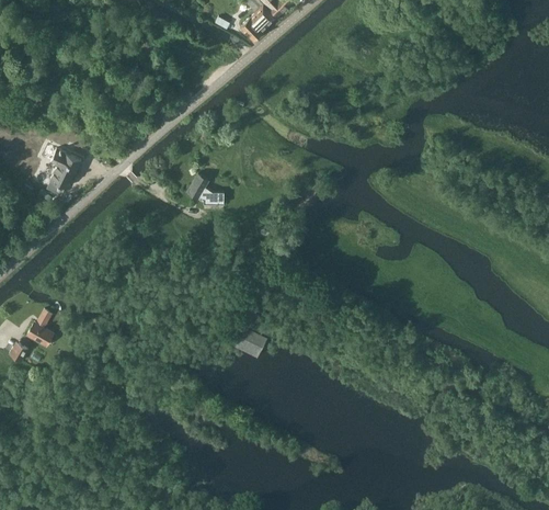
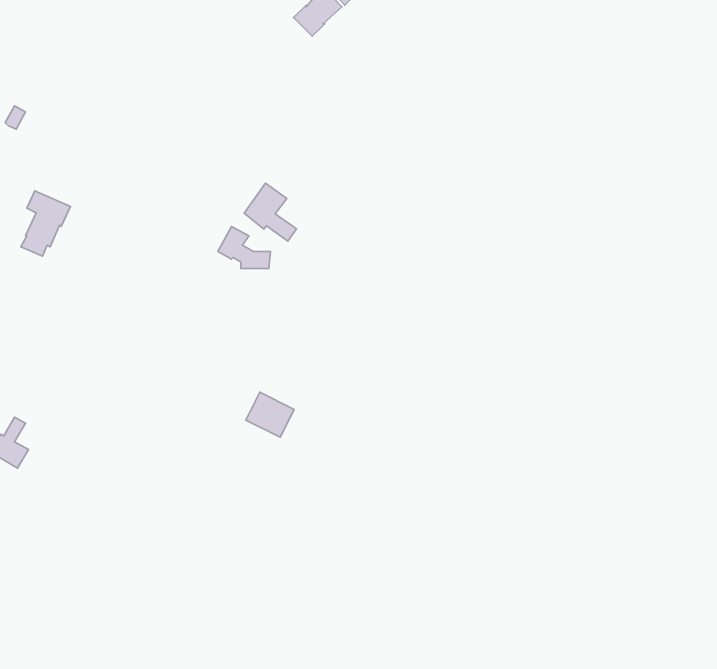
building: none -> [244,183,297,241]
building: [232,327,266,359] -> [246,392,294,437]

